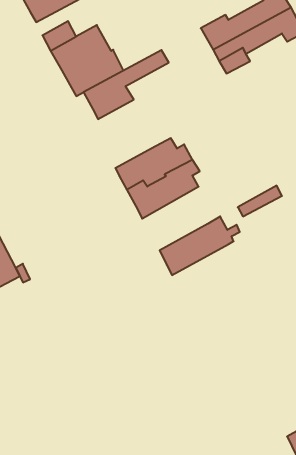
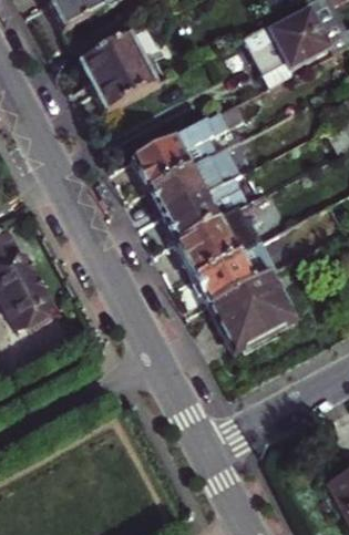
building: [83,50,169,119] -> [133,113,225,187]
building: none -> [177,196,263,276]
building: none -> [209,269,296,351]

